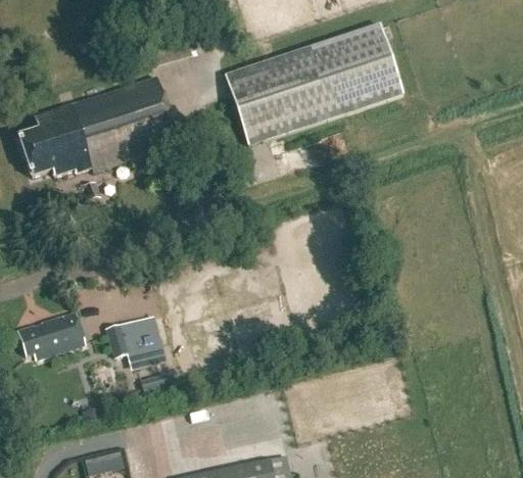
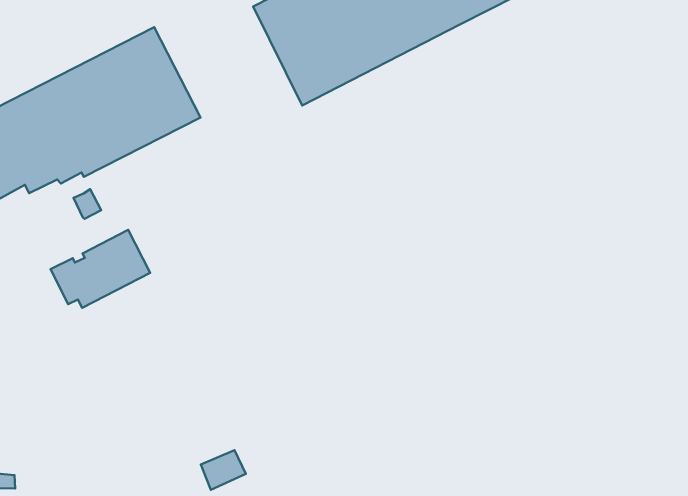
building: [17,310,85,358] -> [51,230,150,308]
building: [106,315,163,369] -> none

